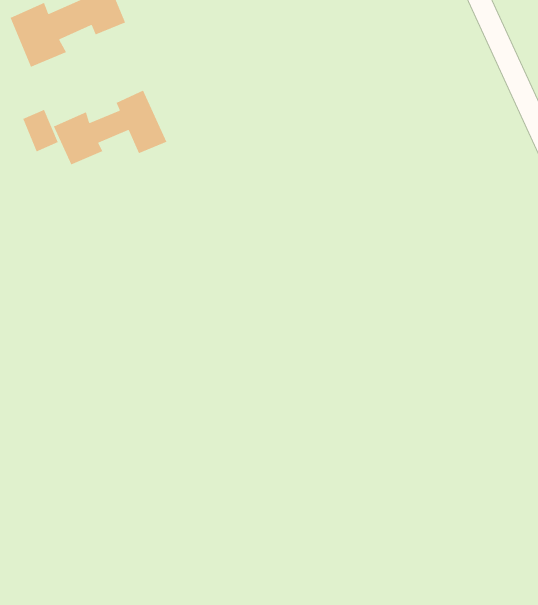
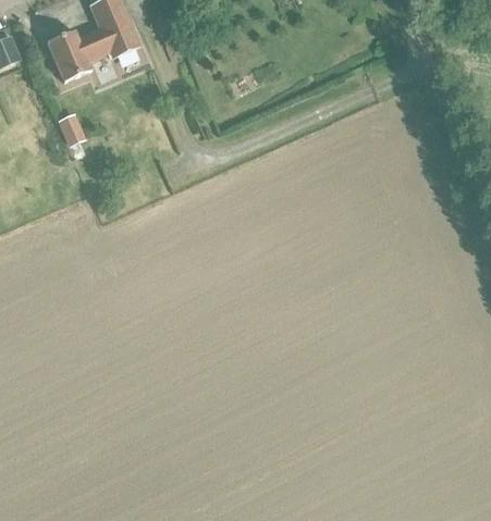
building: [53,90,168,165] -> none

